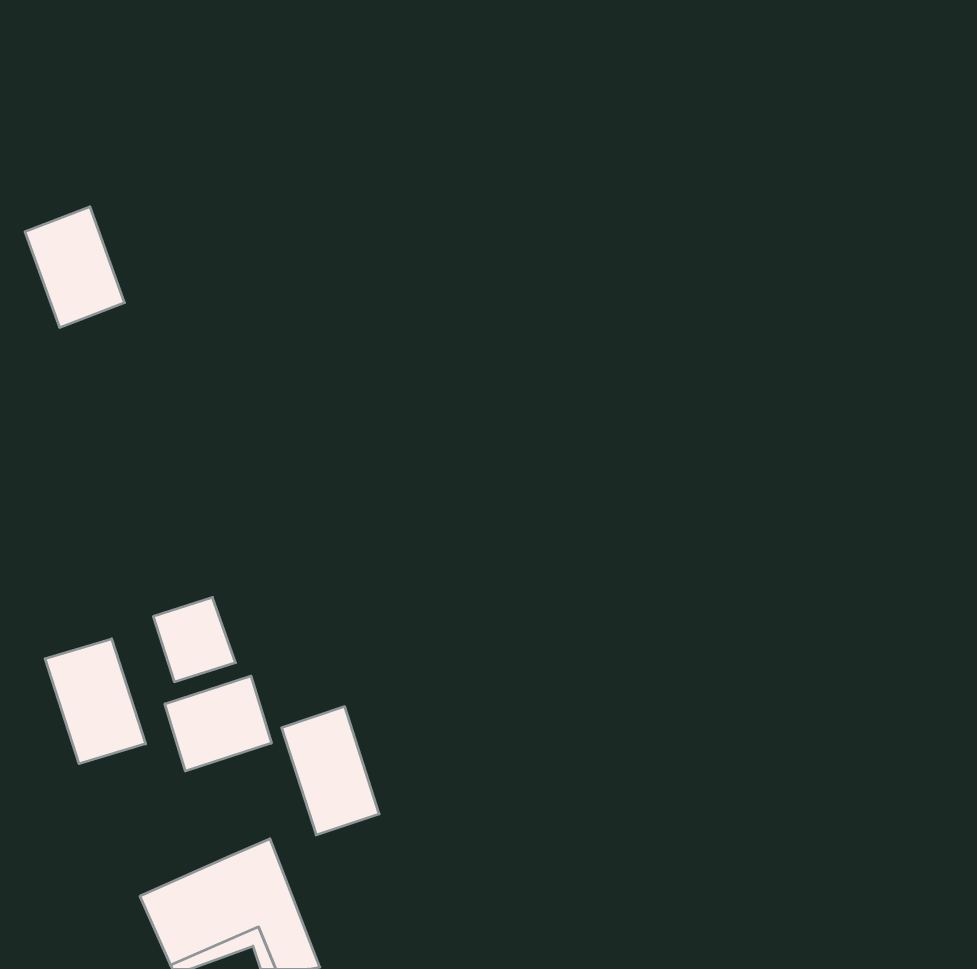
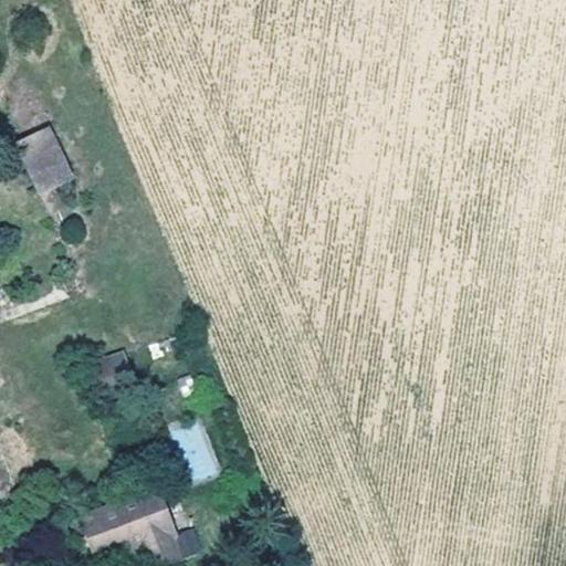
building: [45,639,146,764] -> none
building: [165,676,271,771] -> none

